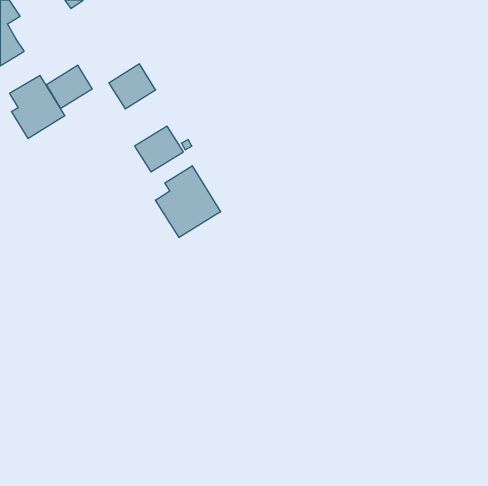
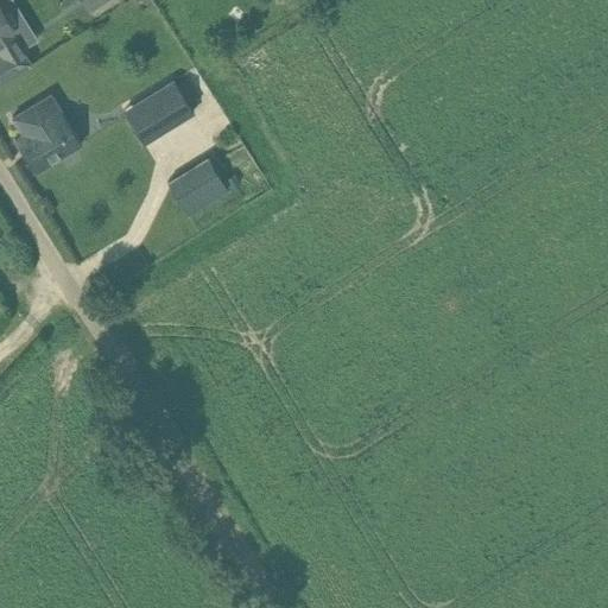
building: [46,65,92,108] -> none
building: [155,166,221,237] -> none

